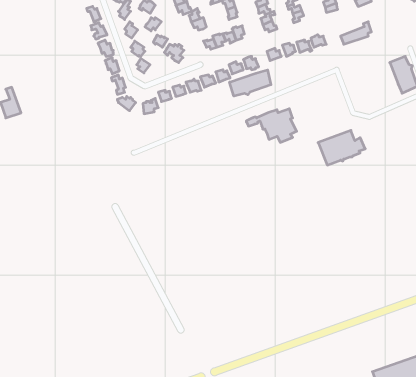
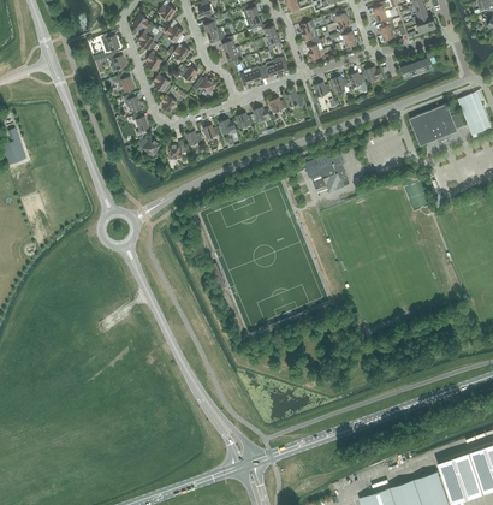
building: [230,70,271,96] -> none
building: [318,130,365,165] -> [409,103,464,144]

